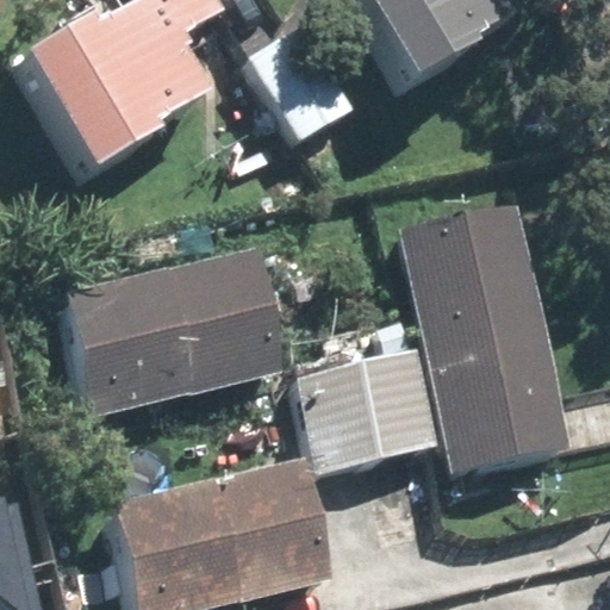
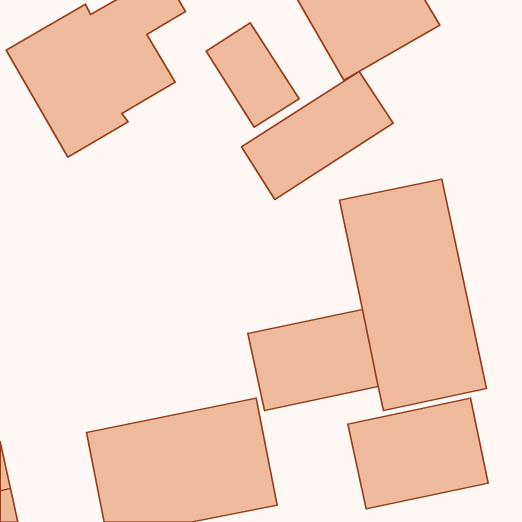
building: none -> [242,71,393,199]
building: [60,256,281,417] -> none
building: none -> [348,398,488,509]

